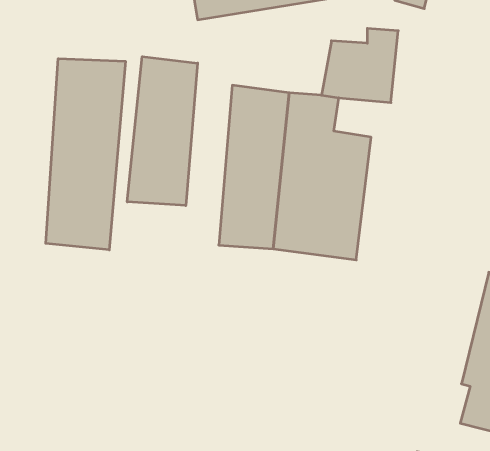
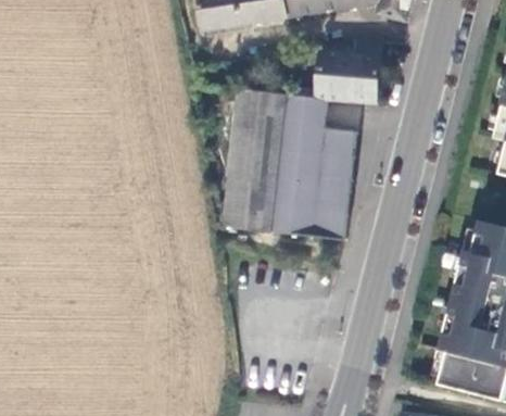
building: [127,57,198,206] -> none
building: [46,59,125,250] -> none

